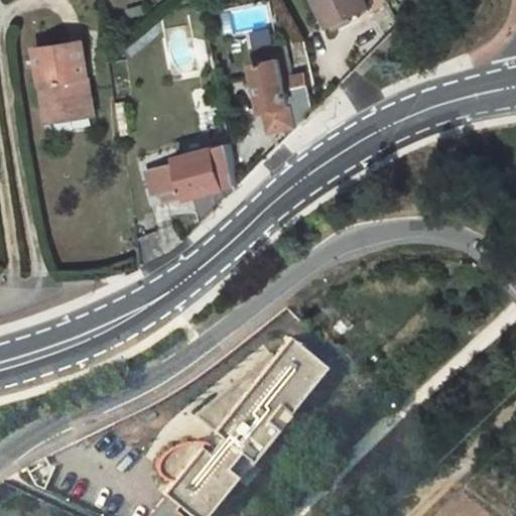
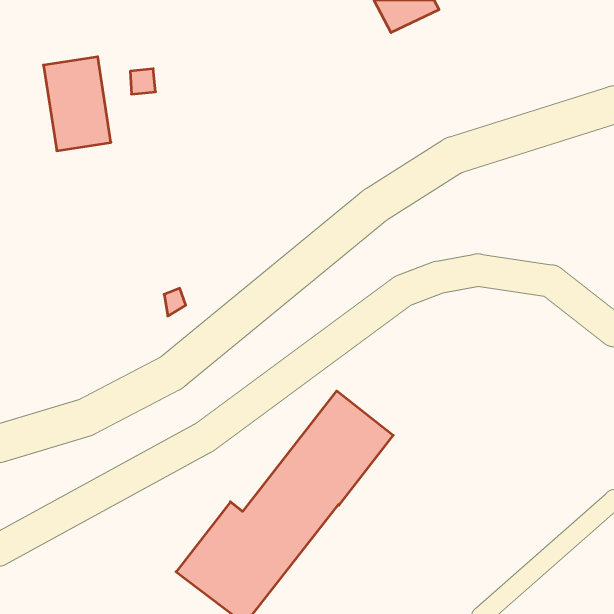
building: [253,50,307,136] -> none
building: [155,146,237,201] -> none

